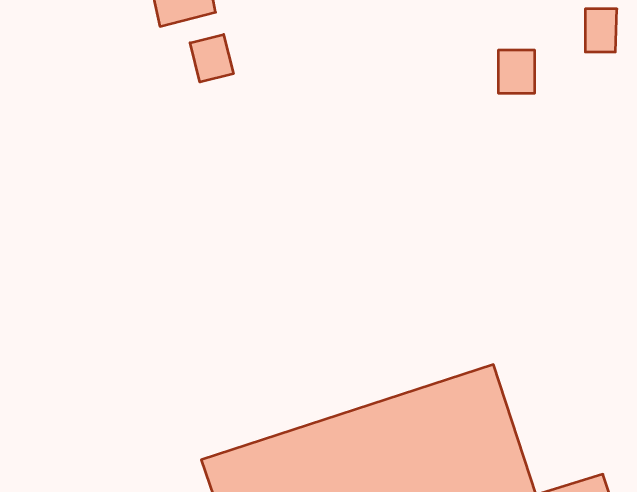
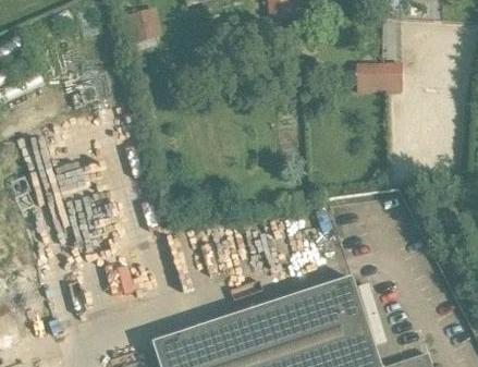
building: [585,9,617,52] -> [380,62,402,91]
building: [190,34,233,82] -> none

